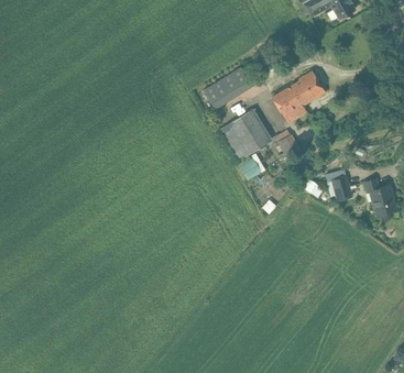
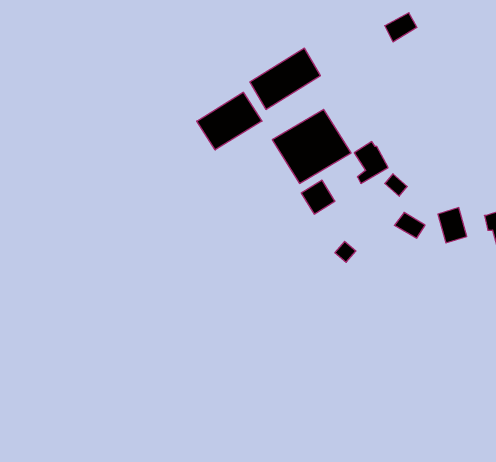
building: [273,70,325,121] -> none
building: none -> [197,92,262,150]

